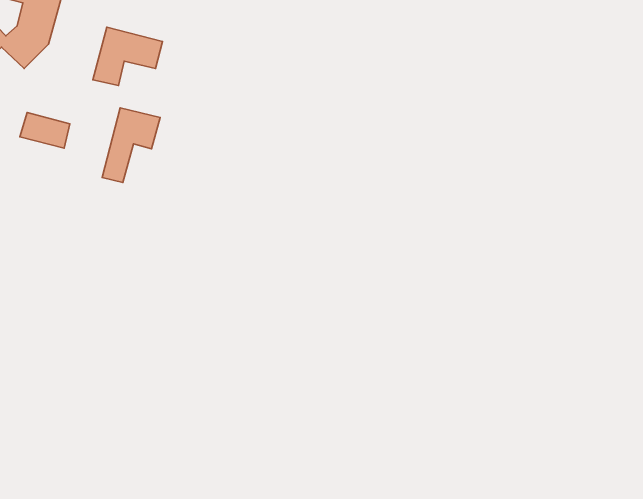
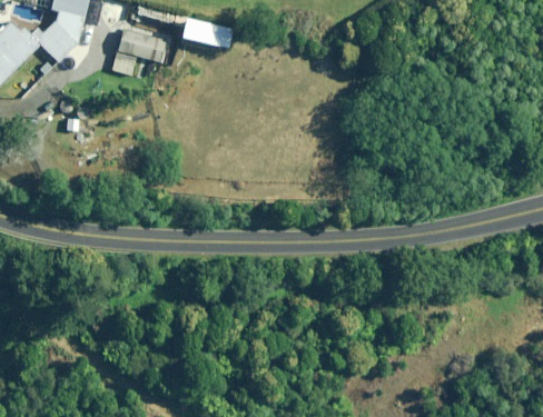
building: none -> [180,18,231,48]
building: [102,108,160,182] -> none

